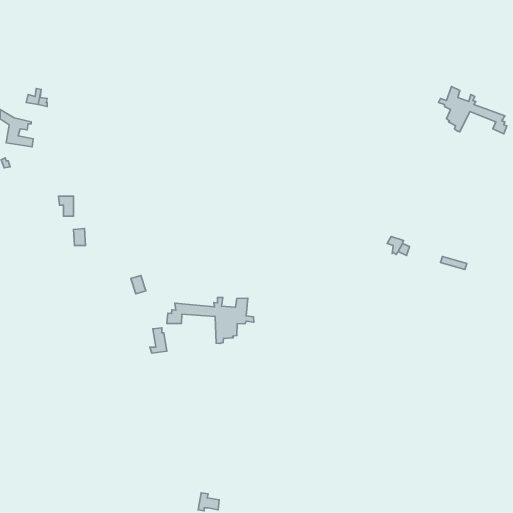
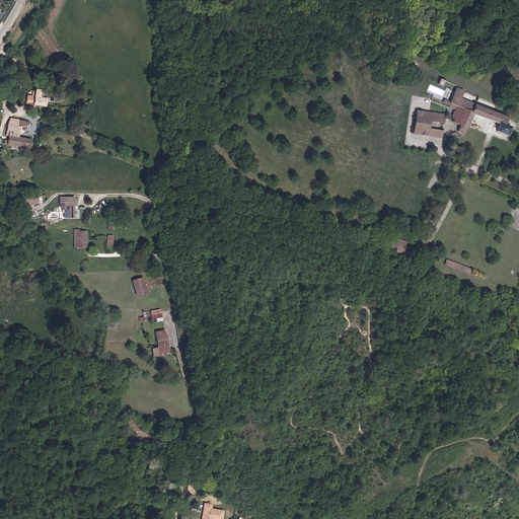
building: none -> [414,110,446,137]
building: [167,297,254,344] -> none

